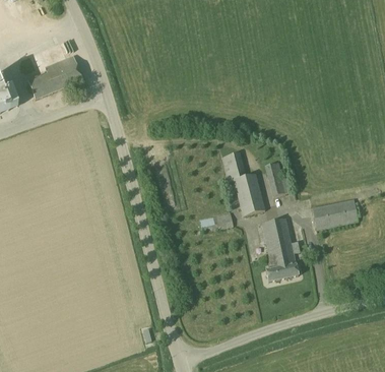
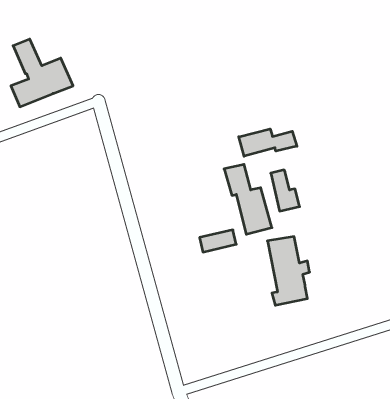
building: none -> [239,129,297,156]
building: [313,198,359,228] -> none

